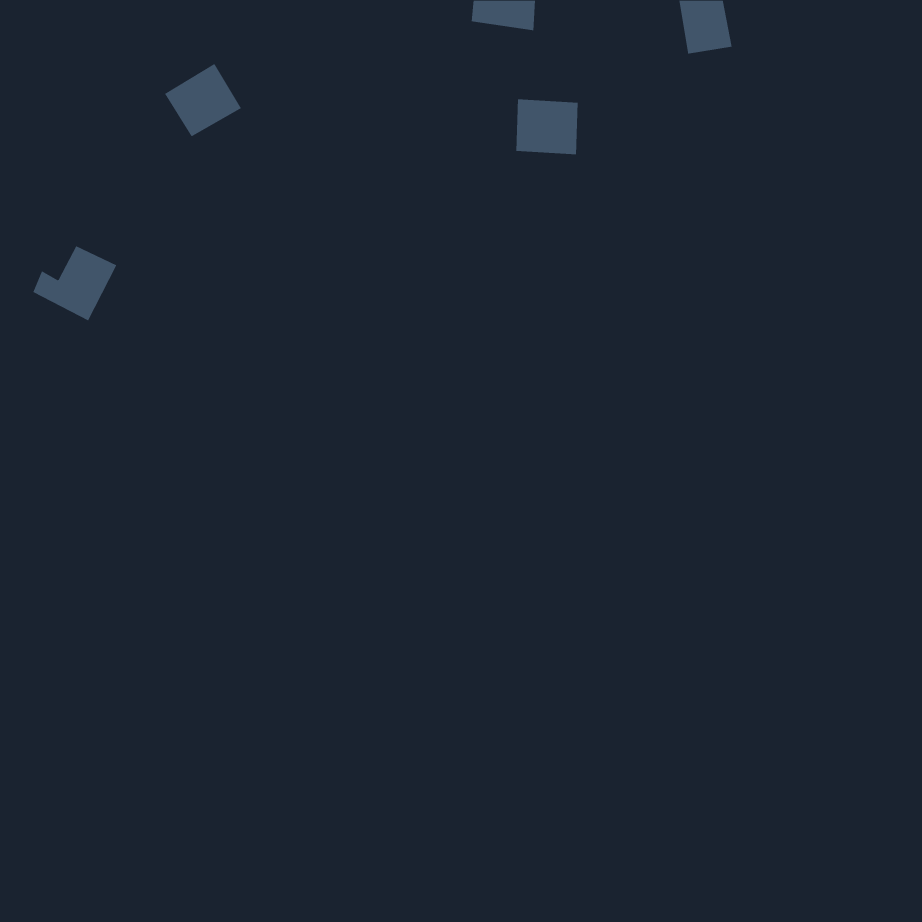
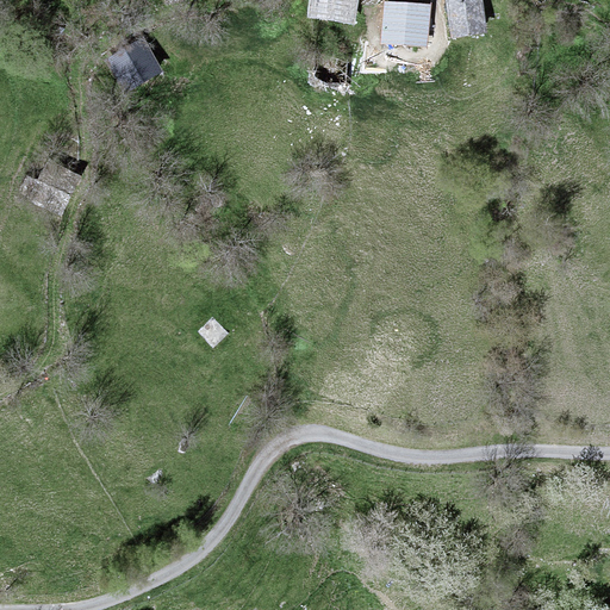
building: [515,99,579,155] -> [385,5,427,42]

